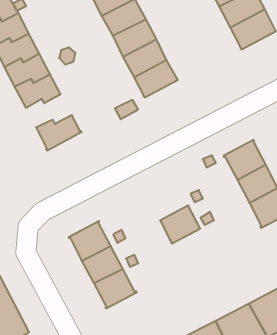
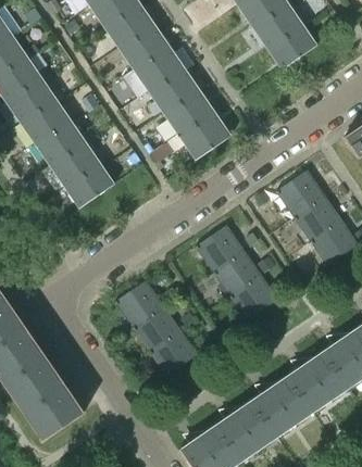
building: none -> [180,112,232,160]
building: none -> [50,143,102,184]
building: none -> [195,224,244,270]
building: none -> [230,274,278,319]

